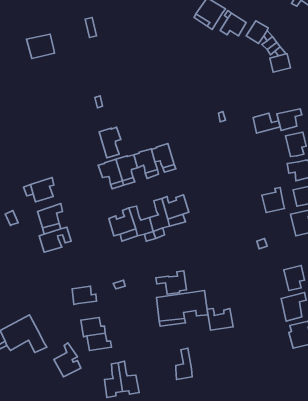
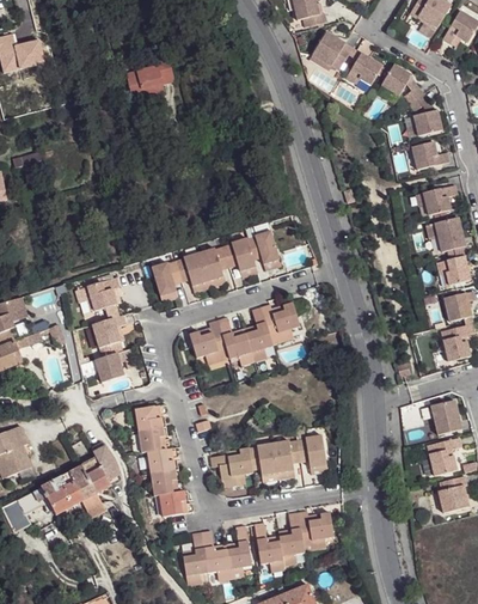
building: [27,34,54,58] -> [123,67,161,100]
building: [253,113,280,133] -> [410,140,447,167]
building: [99,127,121,158] -> [152,261,182,303]
building: [262,187,285,212] -> none
building: none -> [136,403,168,431]
building: [156,271,186,294] -> [210,446,252,478]
building: none -> [148,446,180,474]
building: [207,308,233,330] -> [299,511,335,541]
building: [54,343,81,377] -> [82,446,120,493]
building: none -> [255,523,284,565]
building: none -> [227,525,252,573]

